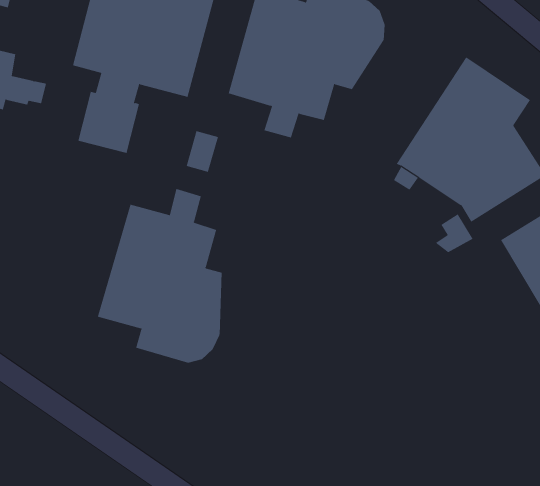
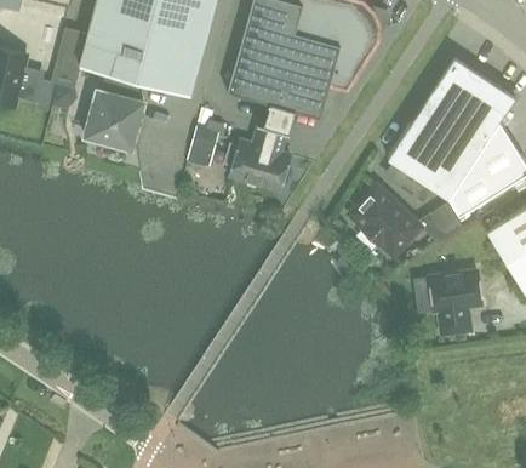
building: none -> [223,129,290,193]
building: [97,188,222,363] -> none
building: none -> [349,188,419,257]
building: none -> [428,272,481,336]

